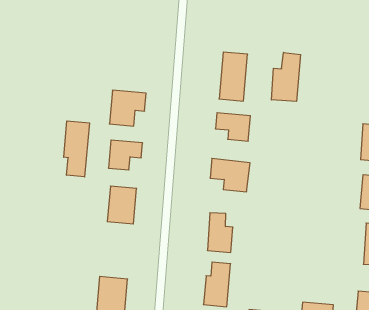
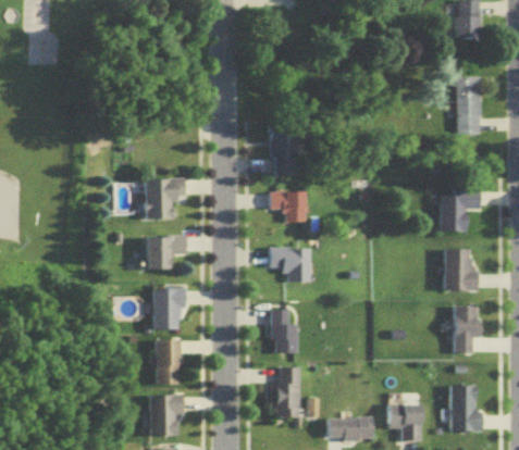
building: [271,52,301,101] -> none
building: [64,121,89,177] -> none
building: none -> [157,340,181,384]

